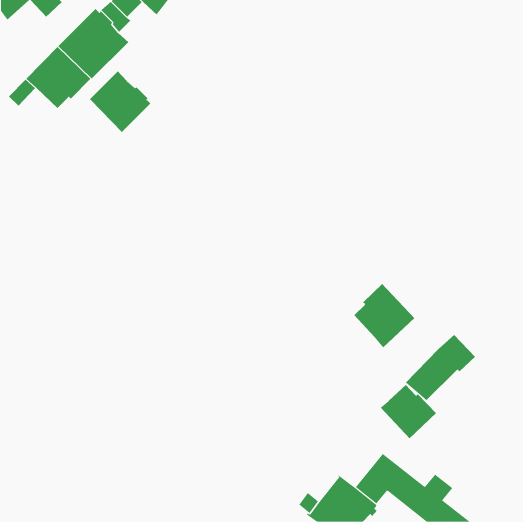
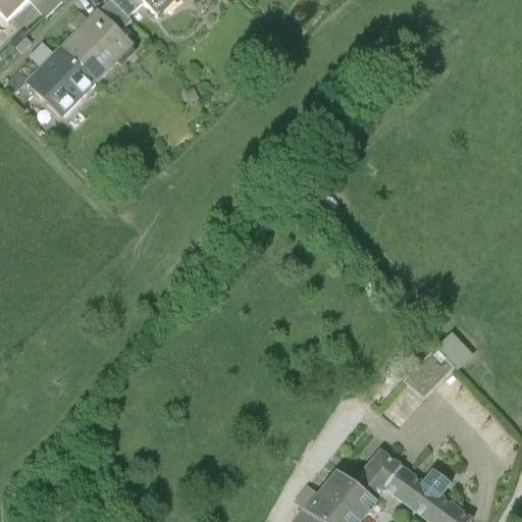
building: [89,70,151,133] -> none
building: [353,283,415,348] -> none
building: [380,384,437,439] -> none

